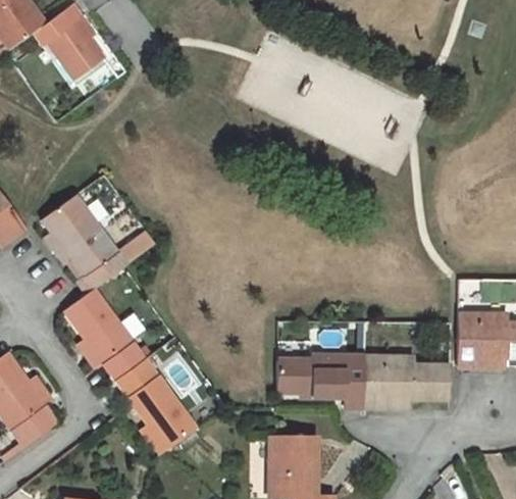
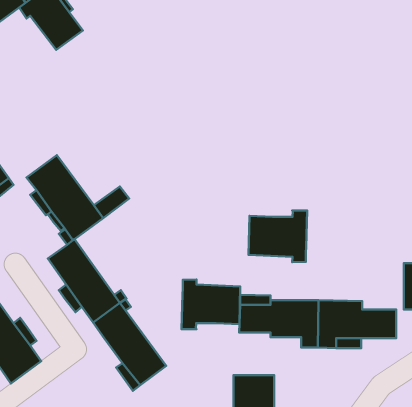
building: none -> [249,210,307,262]
building: none -> [182,279,240,329]

